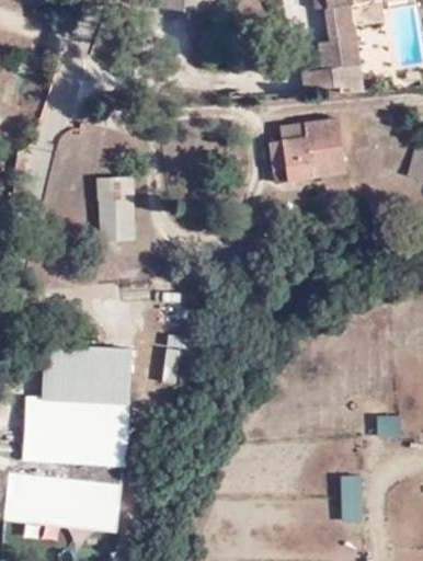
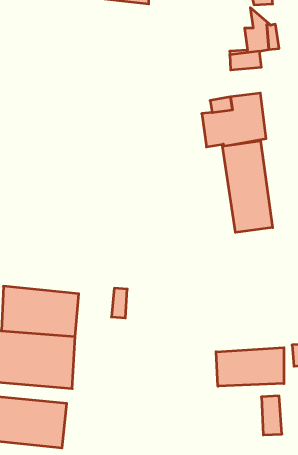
building: none -> [223,141,273,232]
building: [101,175,136,240] -> none
building: none -> [216,348,284,386]

